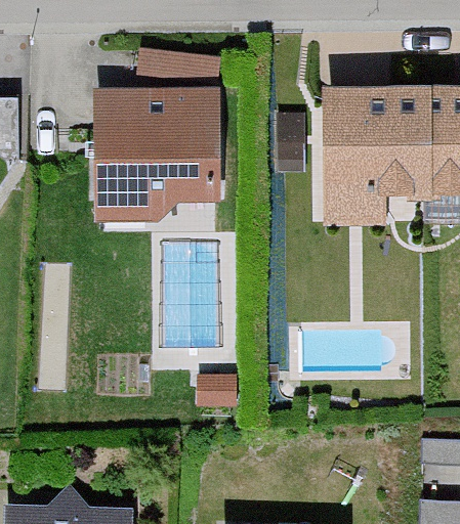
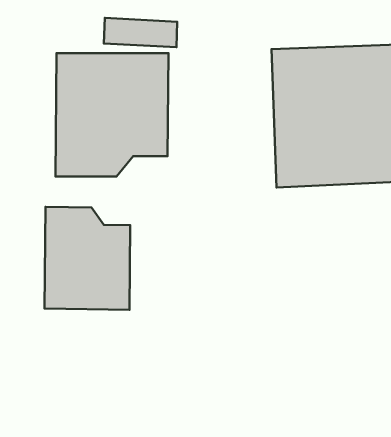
building: none -> [45,207,130,310]

